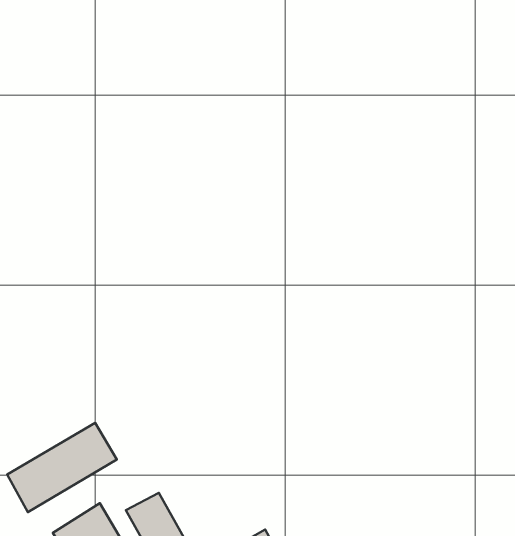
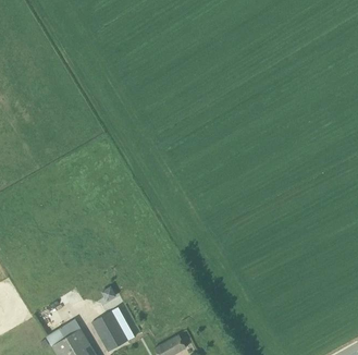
building: [7,423,117,512] -> none

